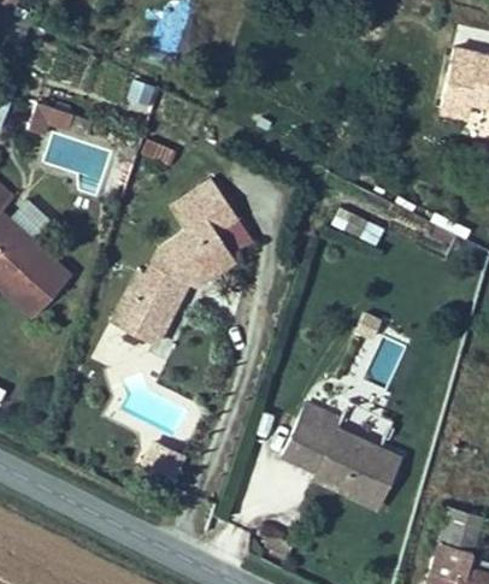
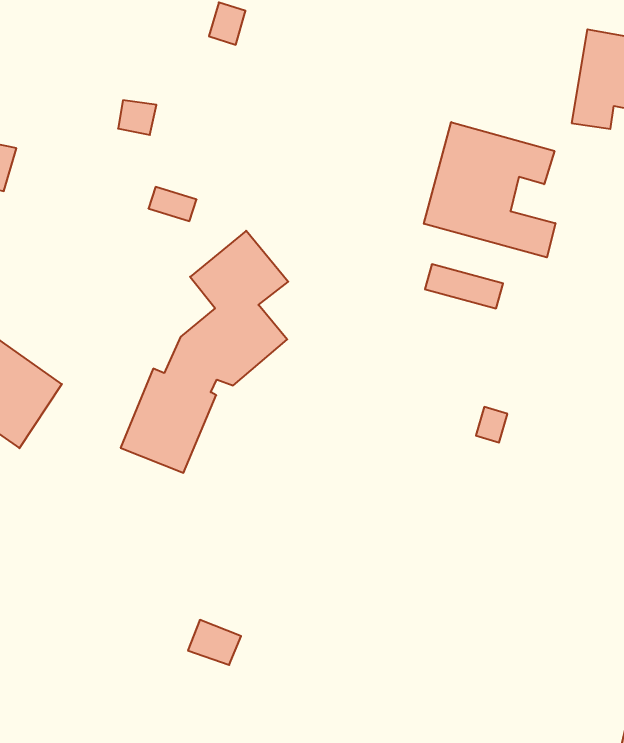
building: none -> [424,122,555,257]
building: [287,411,405,513] -> none

